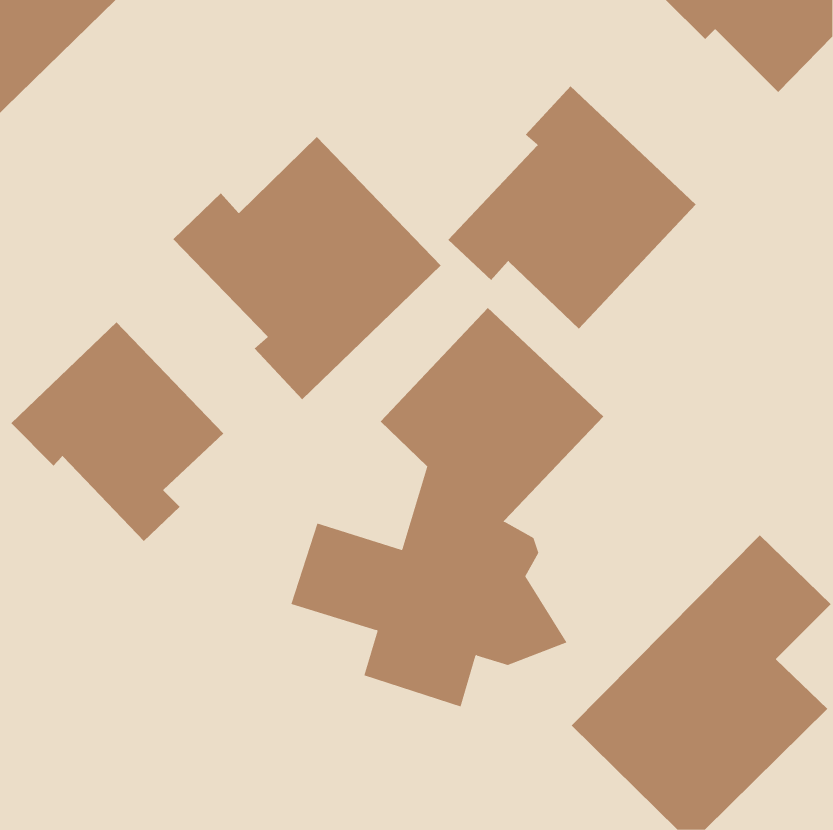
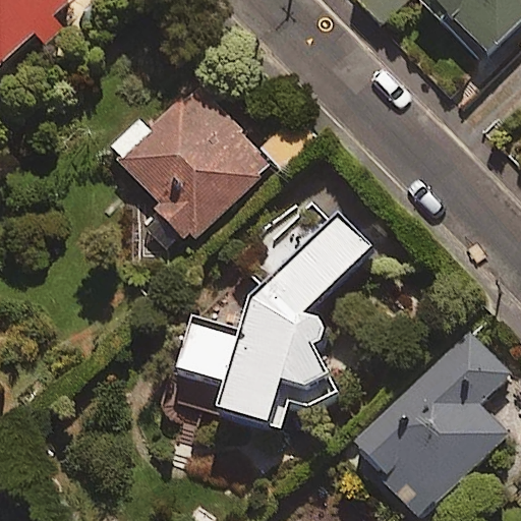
building: [447,85,697,330] -> none
building: [11,322,224,542] -> none

